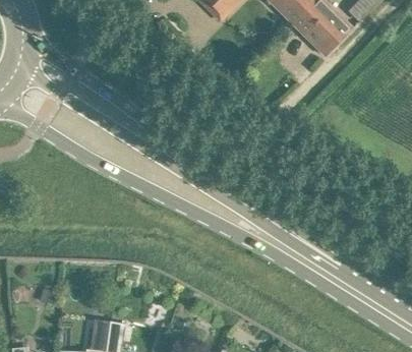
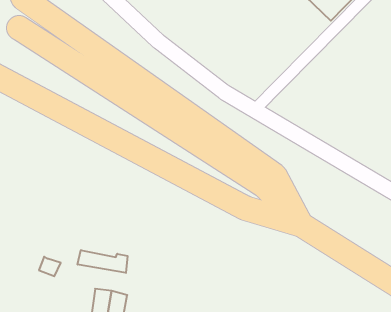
building: none -> [78,250,128,273]

